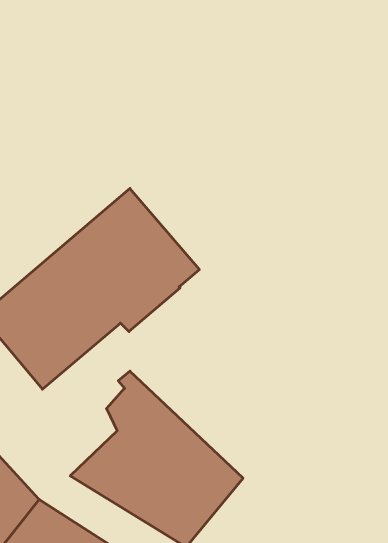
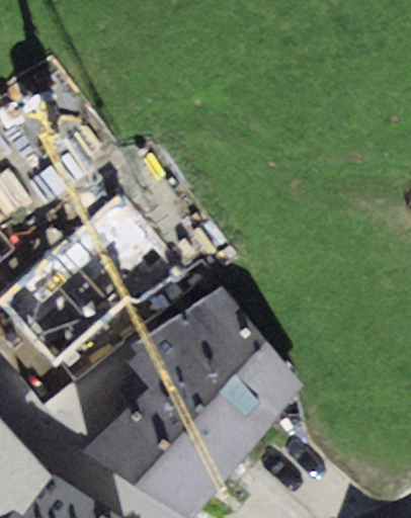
building: none -> [131,284,301,453]

